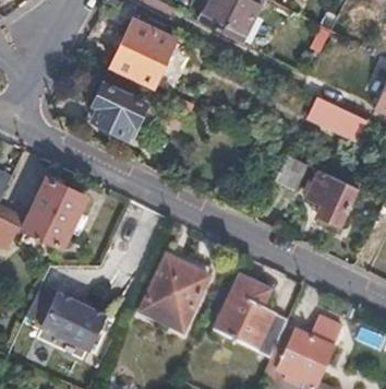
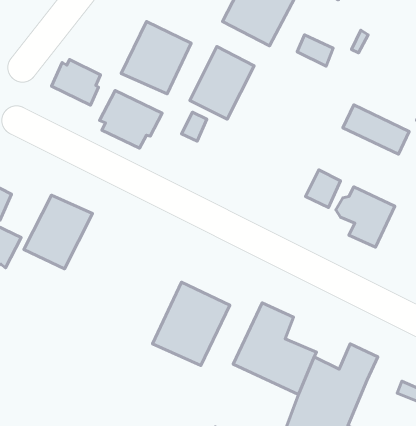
building: none -> [190,47,254,119]
building: none -> [52,60,100,105]
building: [38,292,105,351] -> none

